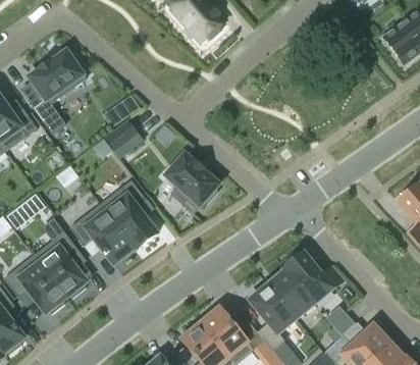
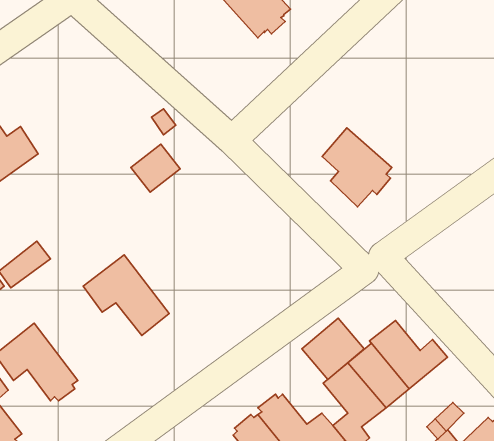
building: [28,49,86,132] -> none
building: [166,153,218,212] -> [322,128,392,207]
building: [101,179,157,248] -> none
building: [34,231,87,297] -> none
building: none -> [302,318,364,379]

